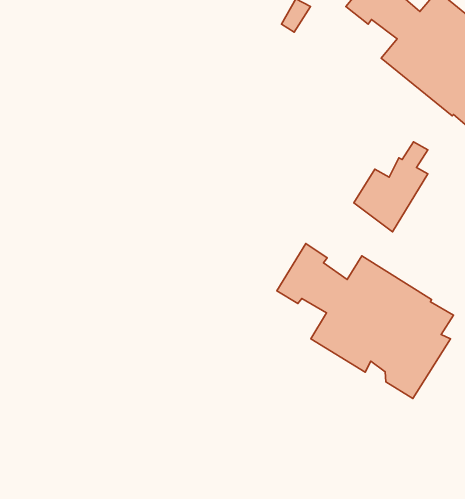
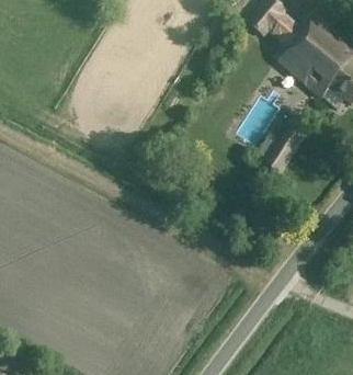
building: [277,244,454,399] -> none

